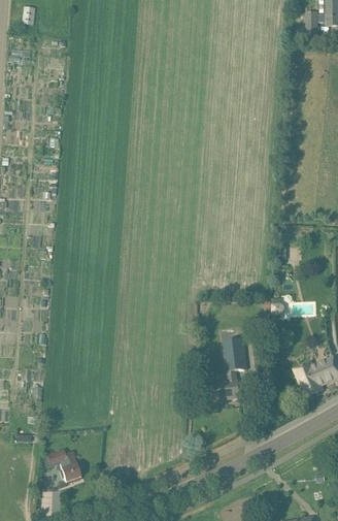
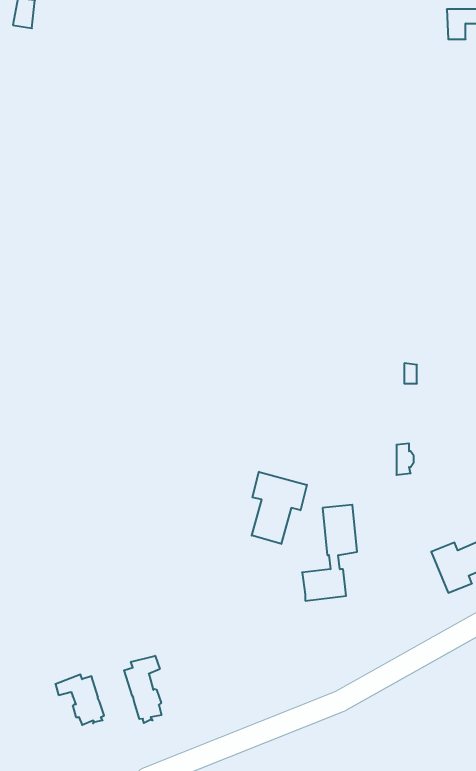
building: none -> [252,472,307,544]
building: none -> [124,656,161,723]

